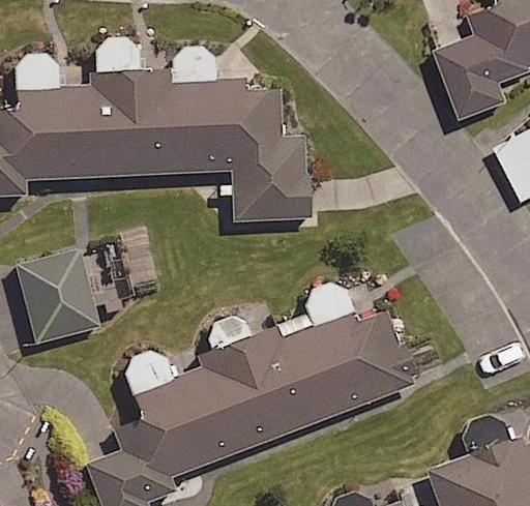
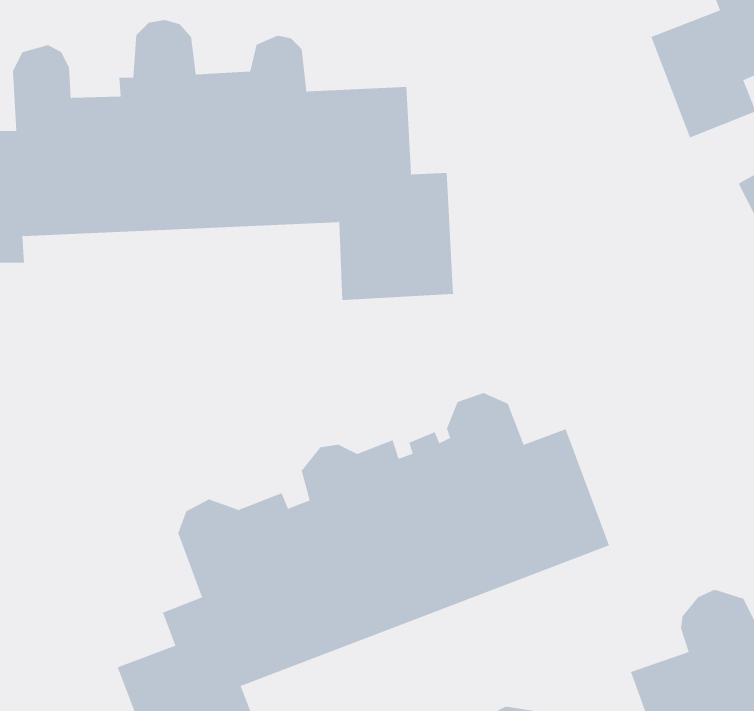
building: [19,252,128,343] -> none

